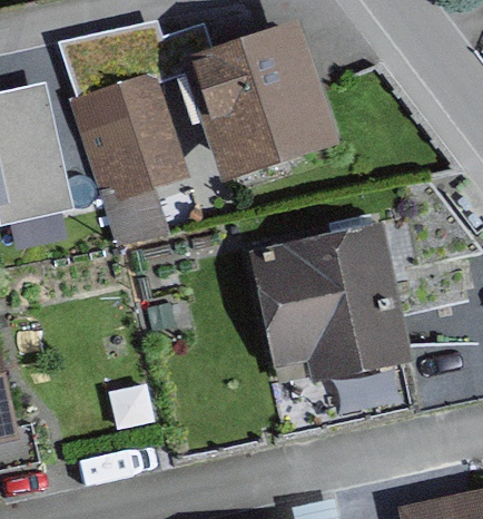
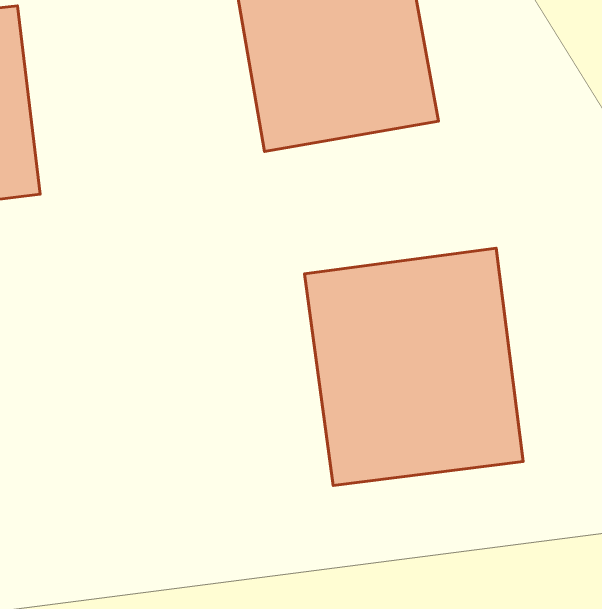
building: [70,72,188,248] -> none

